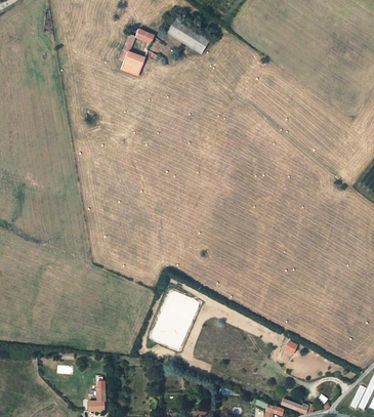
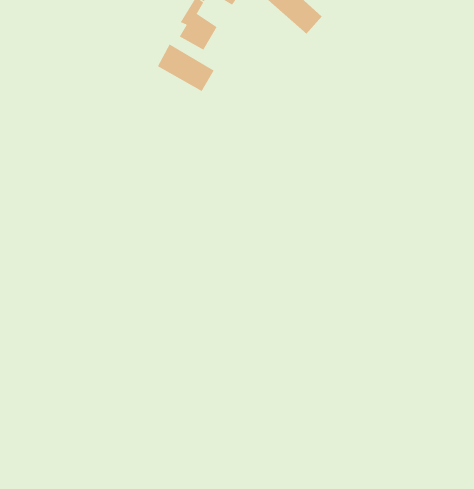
building: none -> [157,43,215,92]

